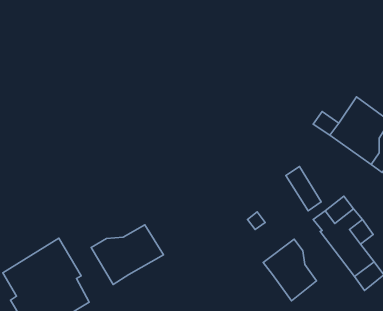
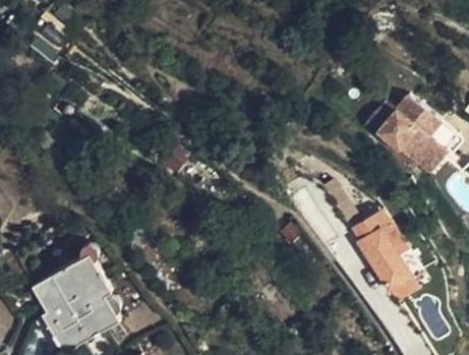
building: [91,225,164,284] -> none
building: [263,239,317,301] -> none

